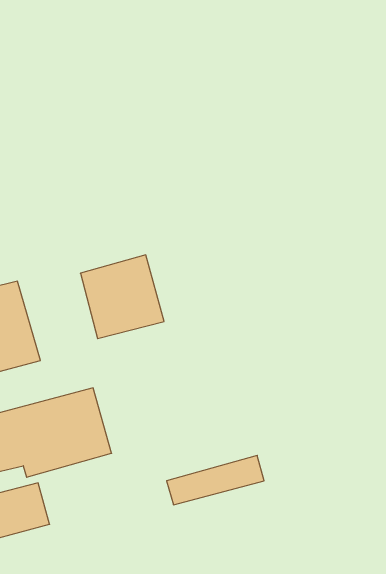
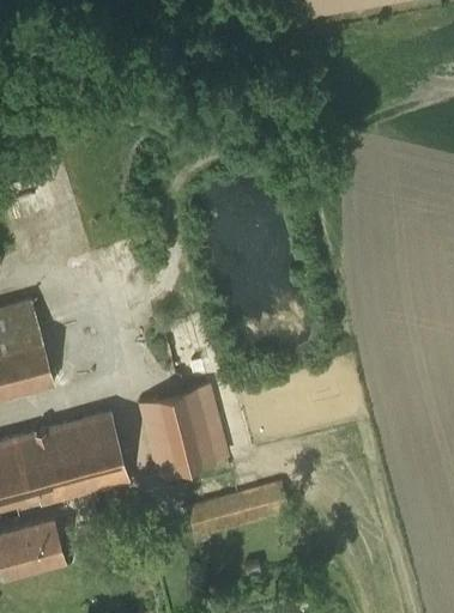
building: [80,255,164,339] -> [139,388,226,475]

